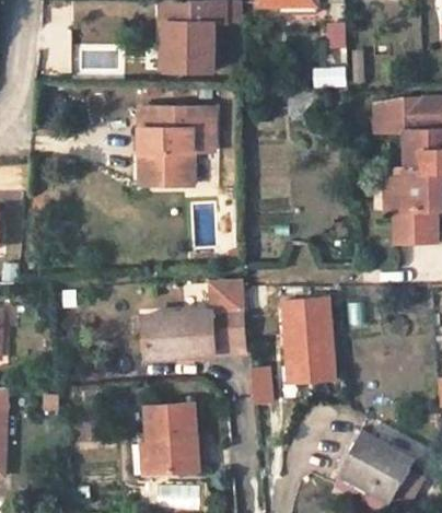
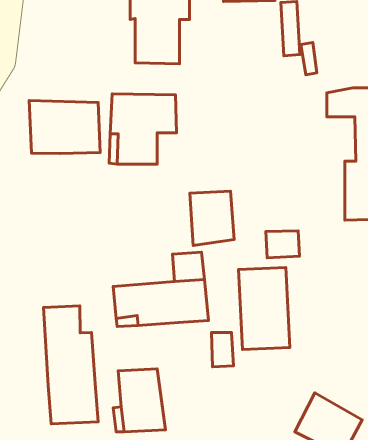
building: none -> [29,101,100,154]
building: none -> [190,191,234,245]
building: none -> [266,231,300,258]
building: none -> [43,306,98,424]

